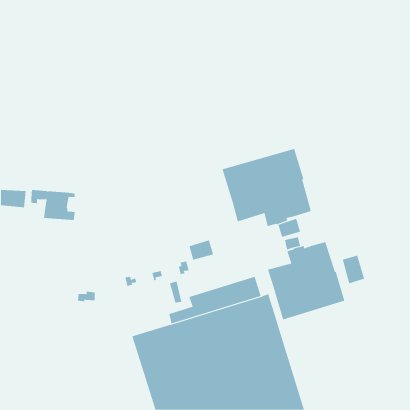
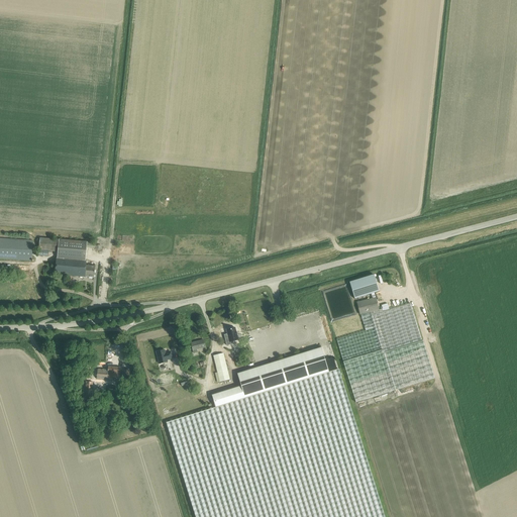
building: [222,148,311,227] -> none
building: [189,239,214,260] -> none
building: [342,255,365,284] -> none

